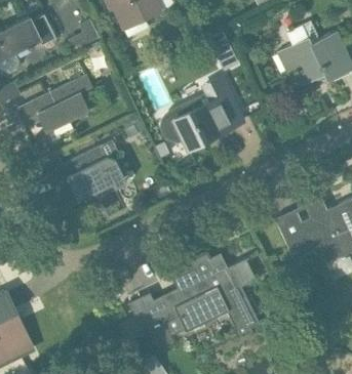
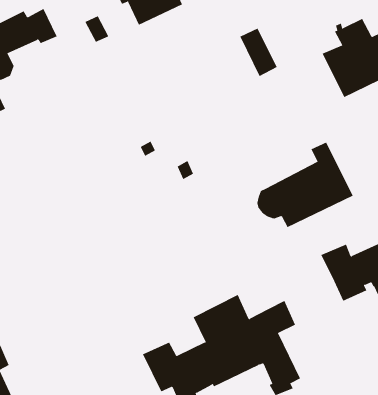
building: [17,76,93,131] -> none
building: [163,77,244,149] -> [257,142,354,228]
building: [52,146,125,201] -> none

